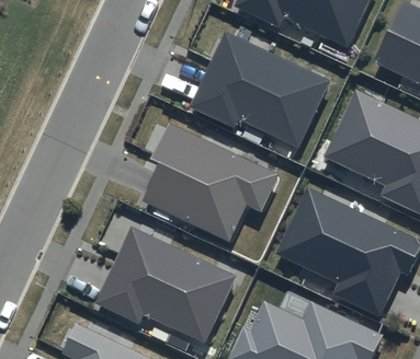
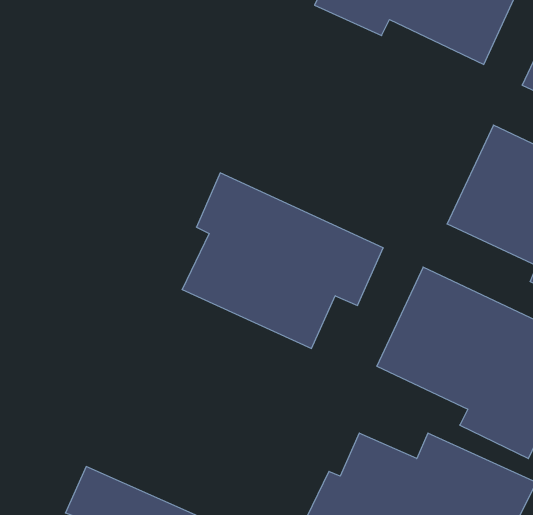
building: [190,31,331,149] -> none
building: [93,225,236,344] -> none

